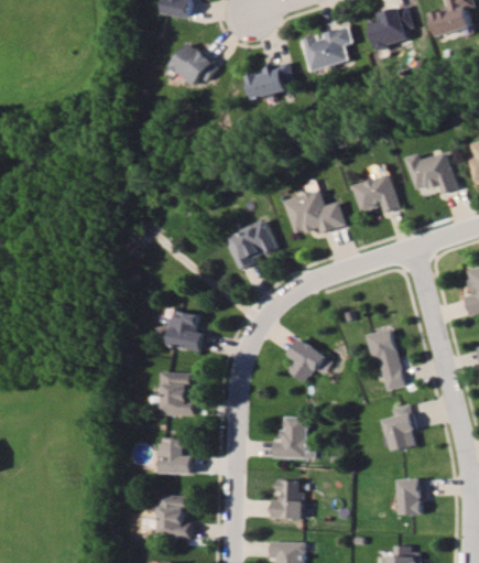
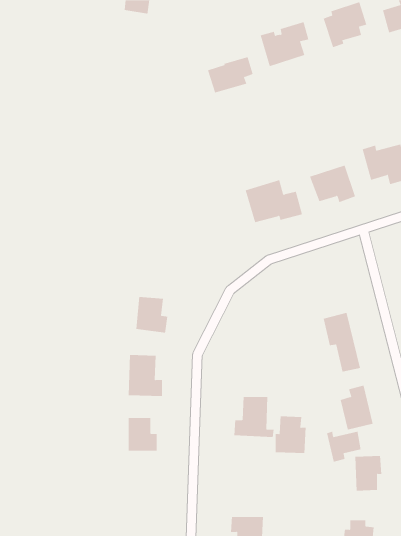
building: [165,42,215,85] -> none
building: [226,221,276,270] -> none
building: [287,338,325,383] -> none
building: none -> [326,431,361,462]
building: [271,479,304,519] -> [275,416,306,454]
building: [157,495,190,539] -> none

